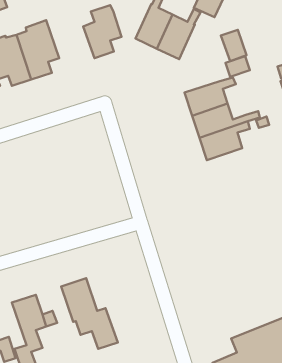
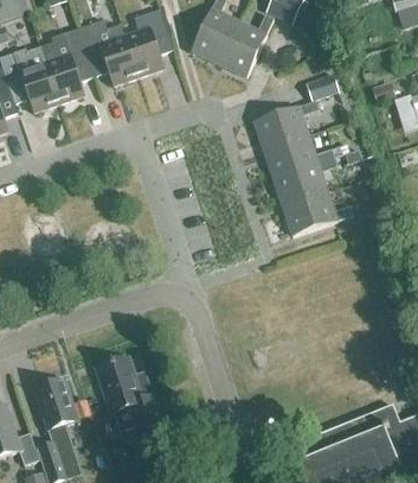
building: none -> [78,19,140,85]
building: [221,30,246,61] -> none
building: none -> [283,191,354,235]

